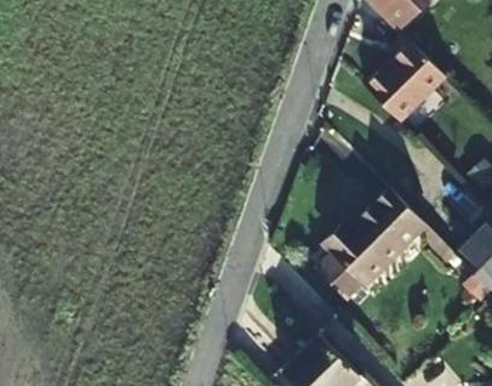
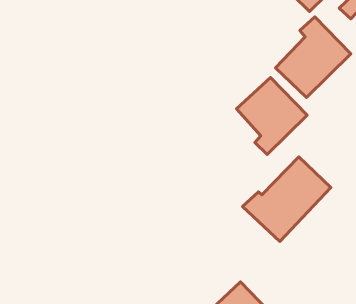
building: none -> [236,77,307,154]

